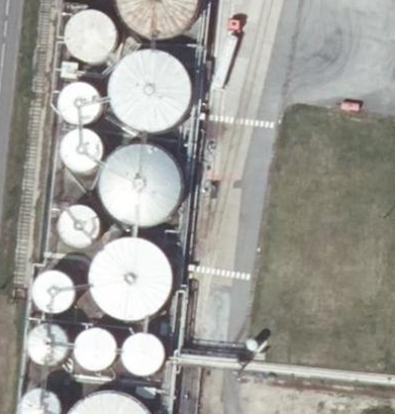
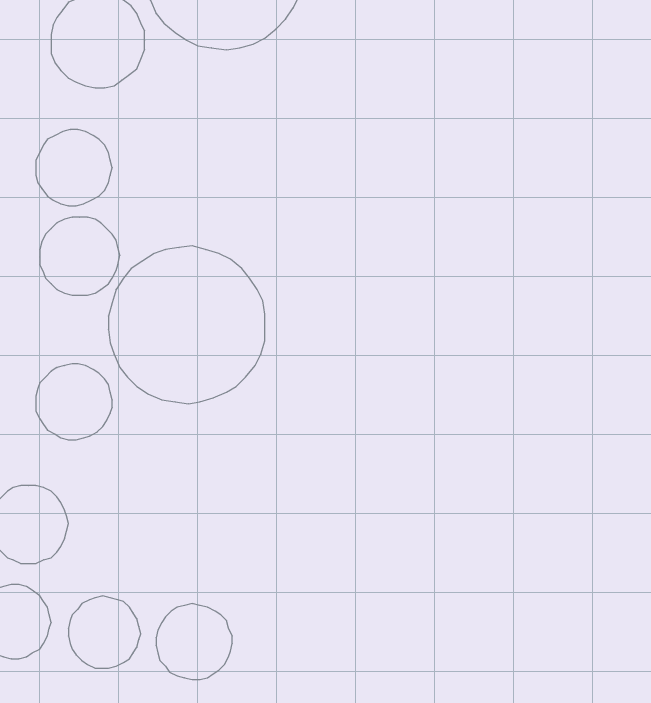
building: [106,48,191,133] -> none
building: [90,235,173,319] -> none

